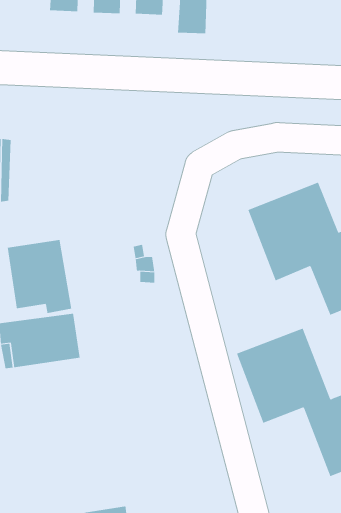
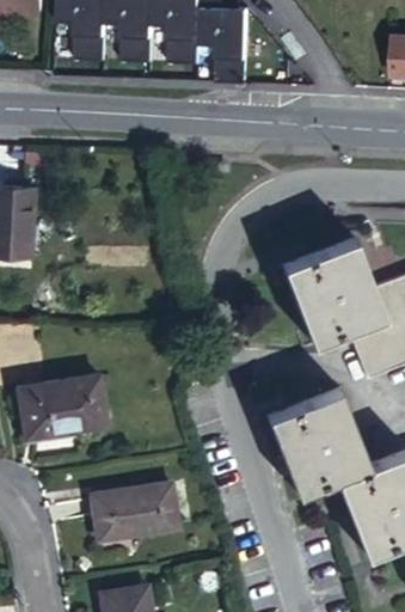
building: [7,239,72,314] -> none
building: none -> [90,484,173,538]

